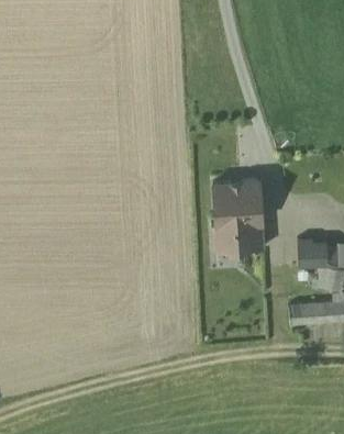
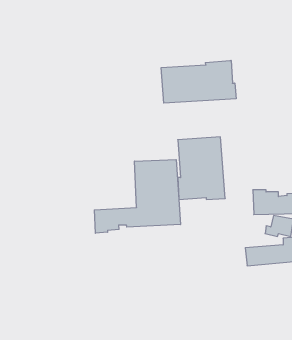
building: none -> [161,60,236,103]
building: none -> [94,160,180,233]

